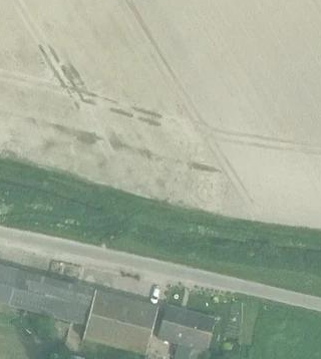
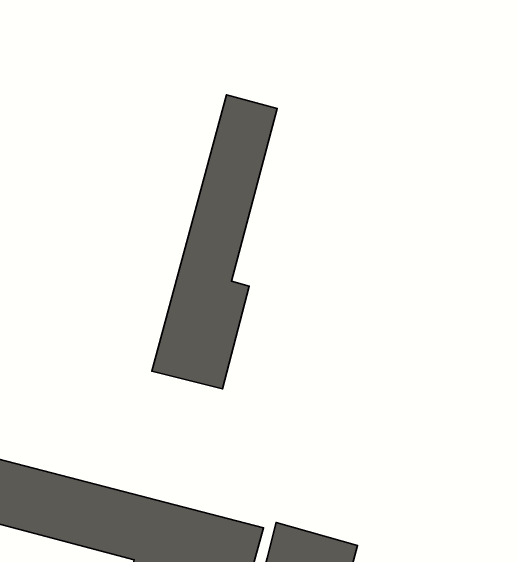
building: none -> [152,95,277,389]

